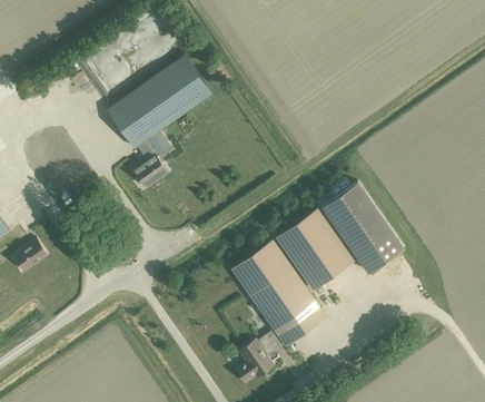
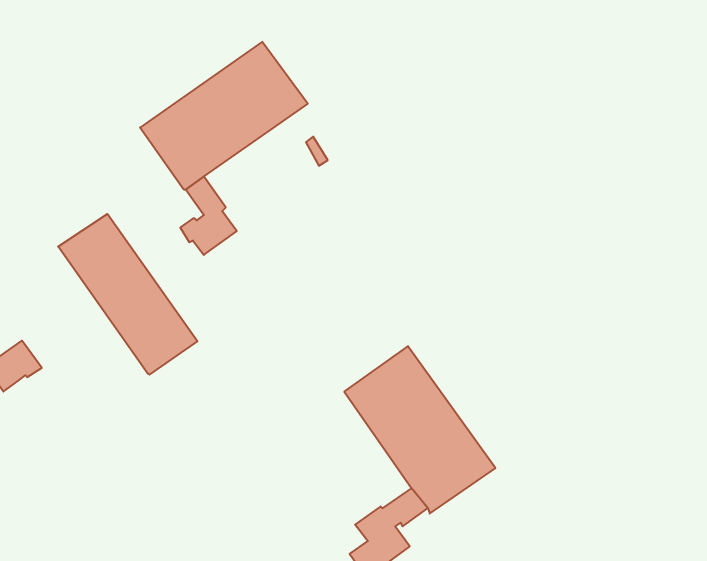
building: none -> [58,214,197,375]
building: [321,182,403,272] -> none
building: [277,210,352,288] -> none

